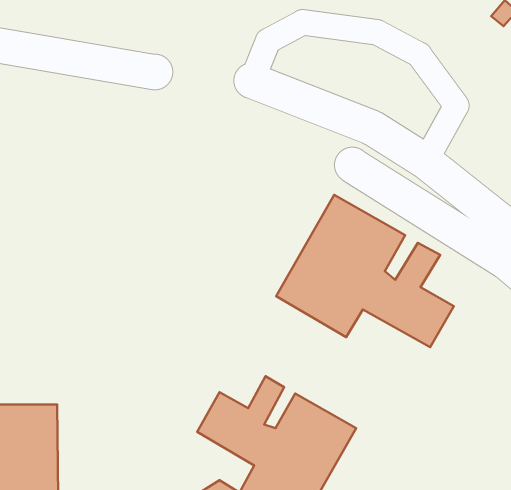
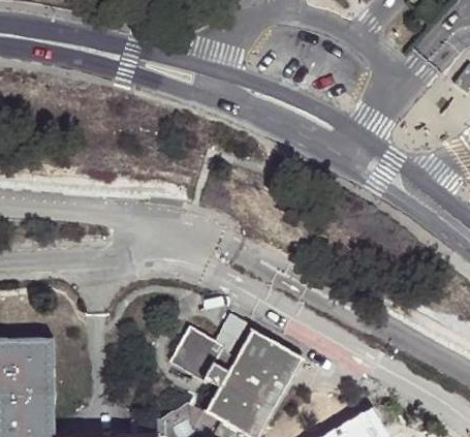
building: [276,195,454,347] -> none

